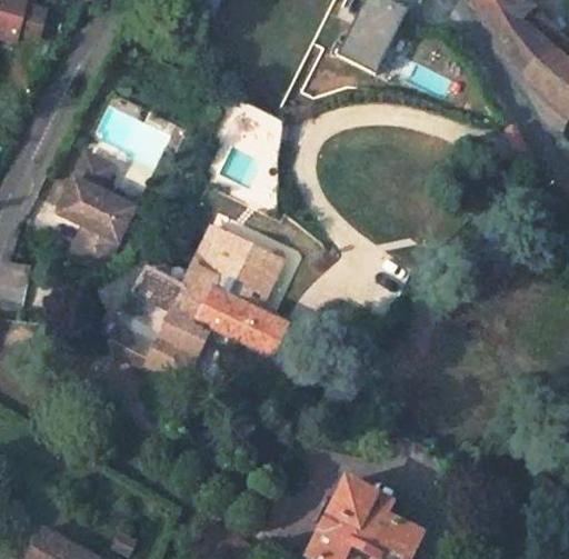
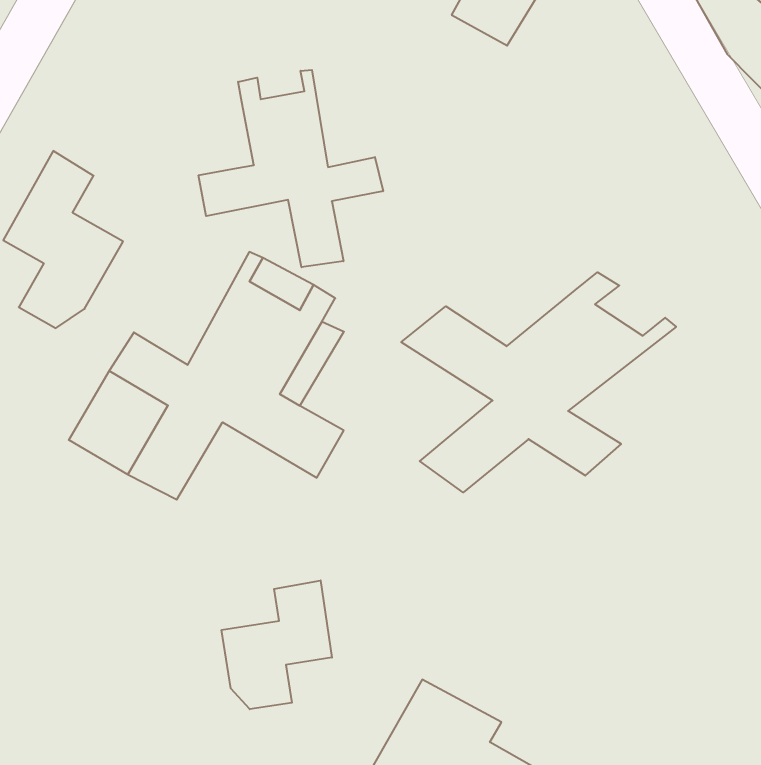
building: none -> [199,70,383,267]
building: none -> [401,272,676,492]
building: none -> [222,580,332,709]

